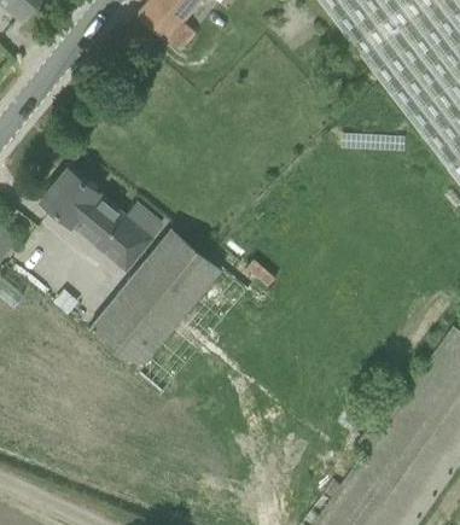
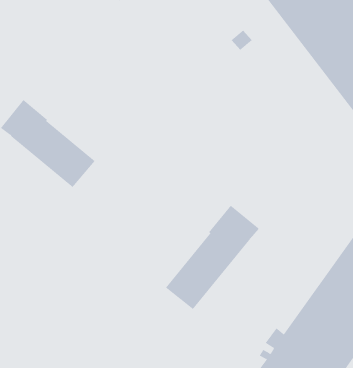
building: [88,226,222,369] -> none
building: none -> [165,205,260,310]

